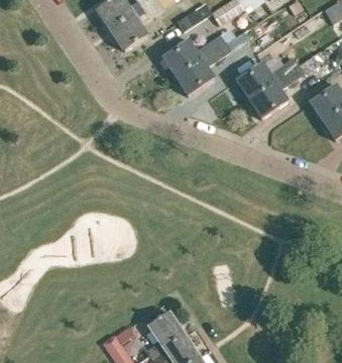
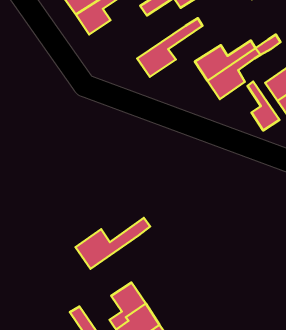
building: [162,35,226,77] -> none
building: none -> [247,82,279,131]
building: none -> [76,218,150,269]

